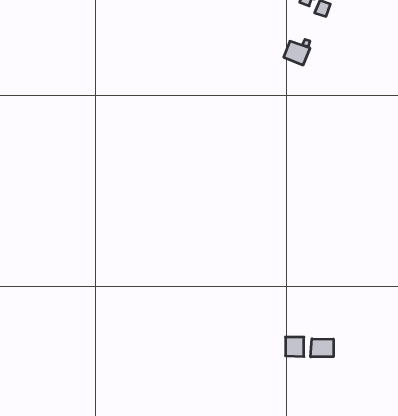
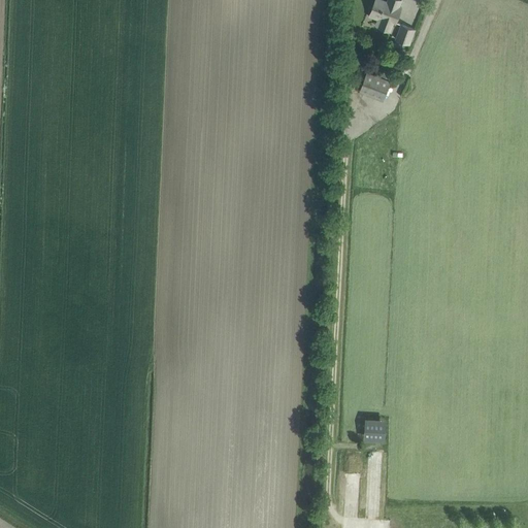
building: [311,339,333,357] -> none

